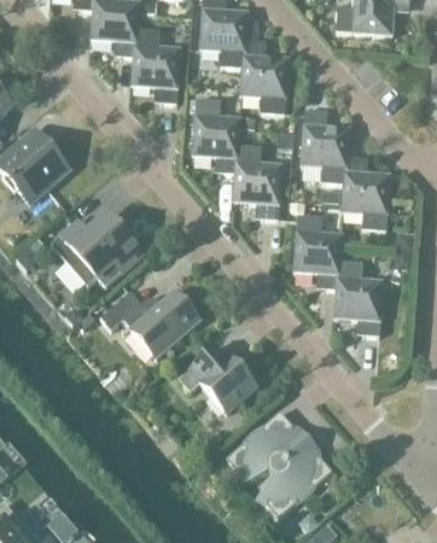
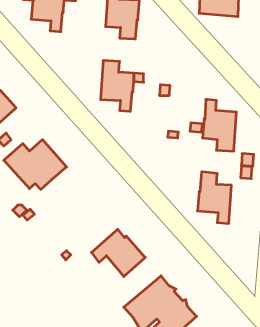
building: [130,29,180,104] -> none
building: [239,40,289,115] -> none
building: [301,110,349,185] -> none
building: [232,145,281,220] -> none
building: [293,215,342,290] -> none
building: [100,291,199,357] -> none

